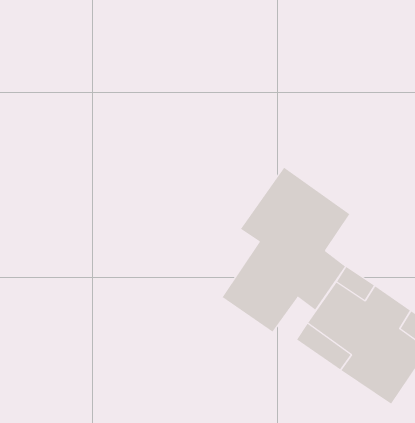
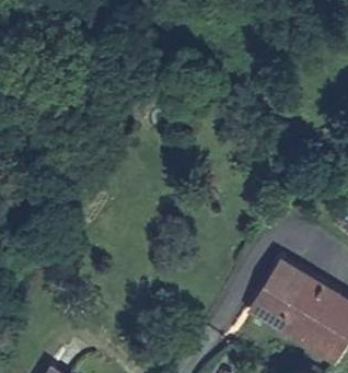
building: [222,167,350,332] -> none

